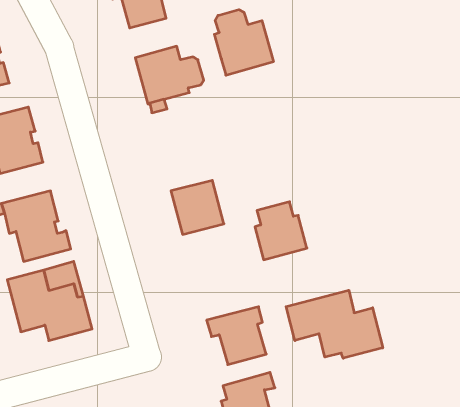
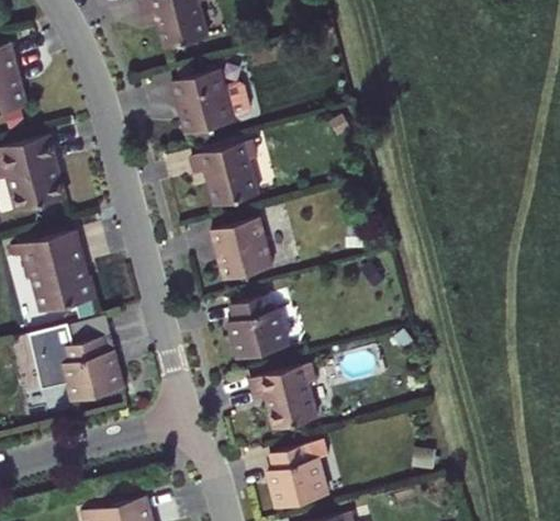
building: [214,10,273,75] -> none
building: none -> [192,141,259,208]
building: [255,202,307,260] -> [228,296,288,362]
building: [286,290,383,358] -> none

